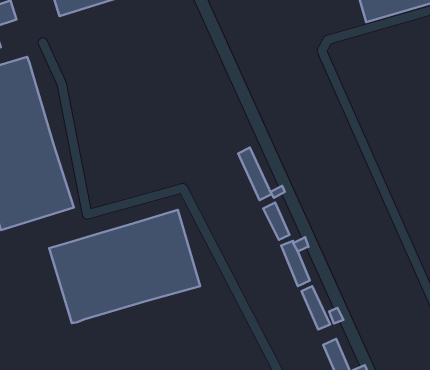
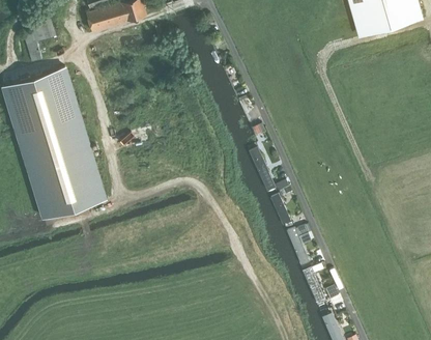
building: [49,210,200,323] -> none

